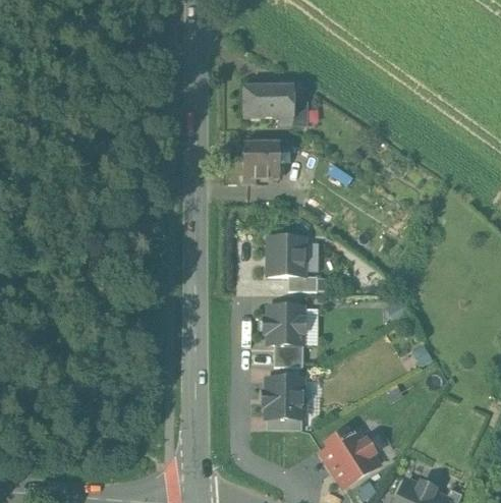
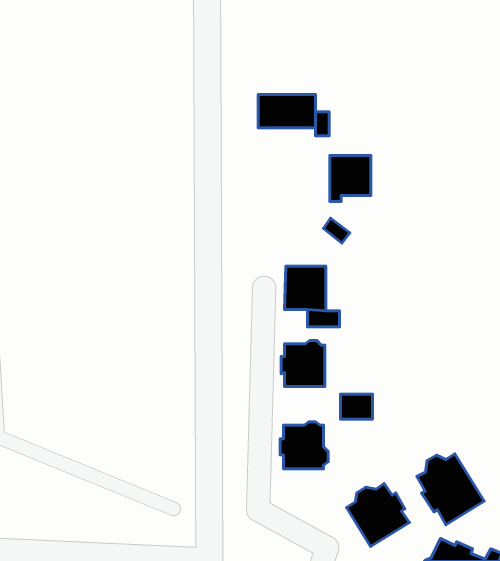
building: [244,141,281,181] -> [330,156,371,201]
building: [274,344,302,367] -> [341,394,373,419]
building: none -> [417,454,484,525]

